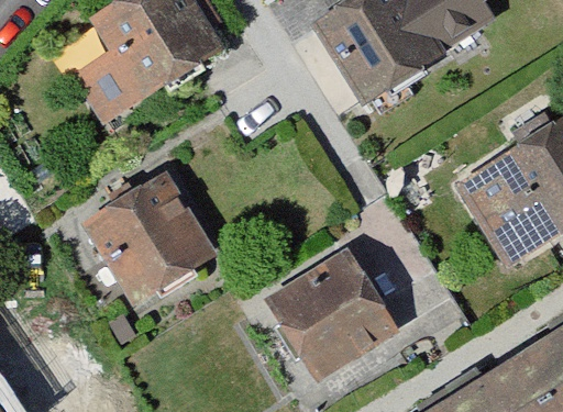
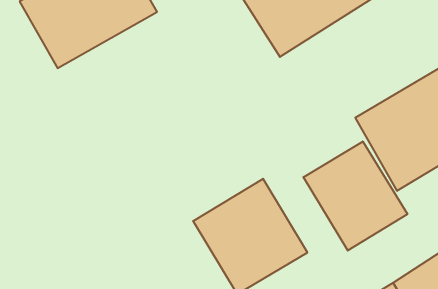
building: [79,170,214,305] -> none
building: none -> [303,141,407,251]

